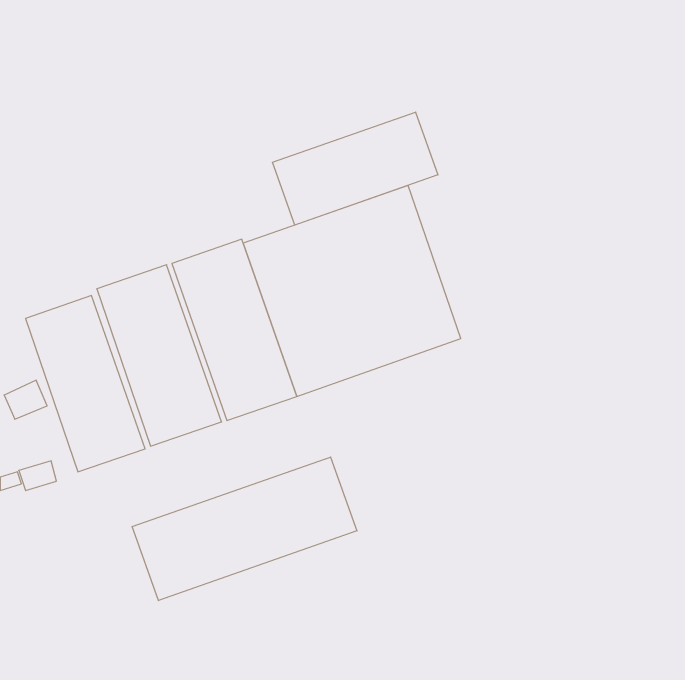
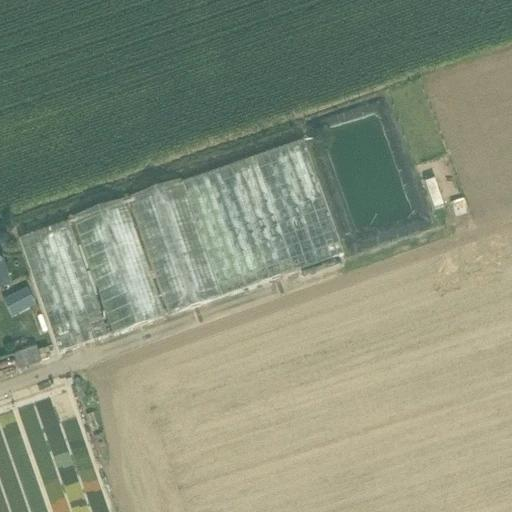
building: [273,112,438,225] -> none
building: [132,457,357,601] -> none

